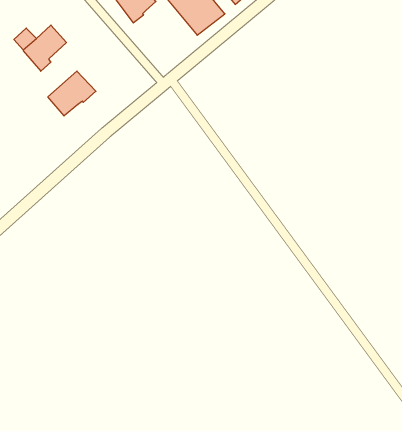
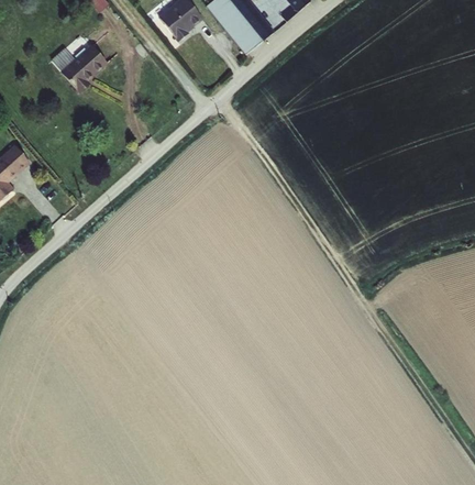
building: [48,71,96,116] -> none

